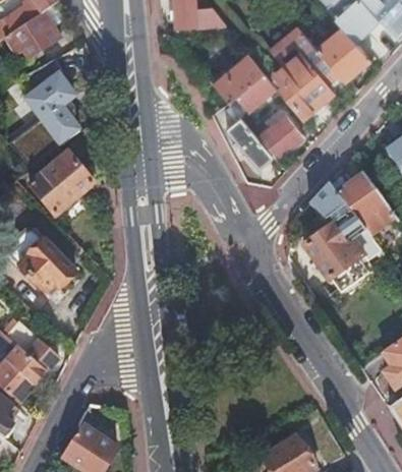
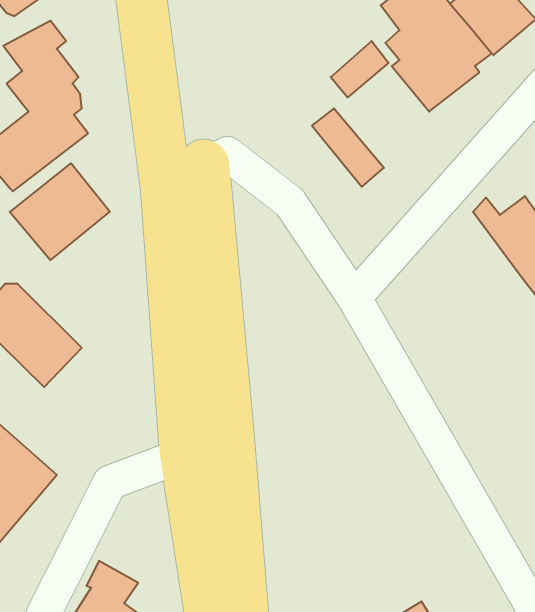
building: [211,56,265,103] -> none
building: [261,115,303,158] -> none
building: [303,184,366,282] -> none

